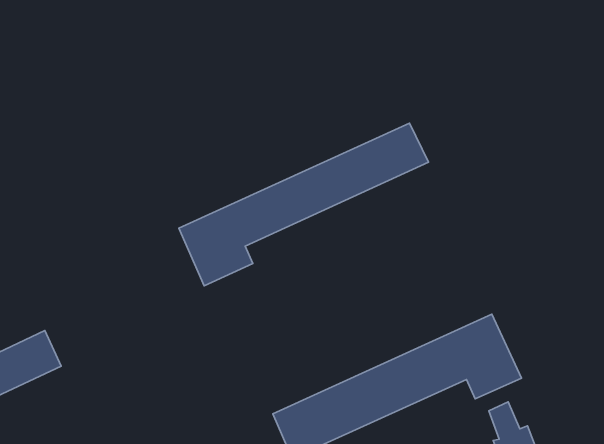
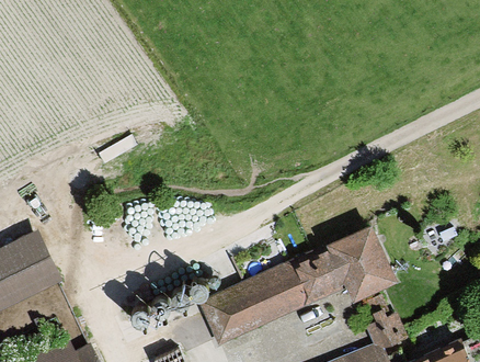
building: [179,123,428,286] -> none

